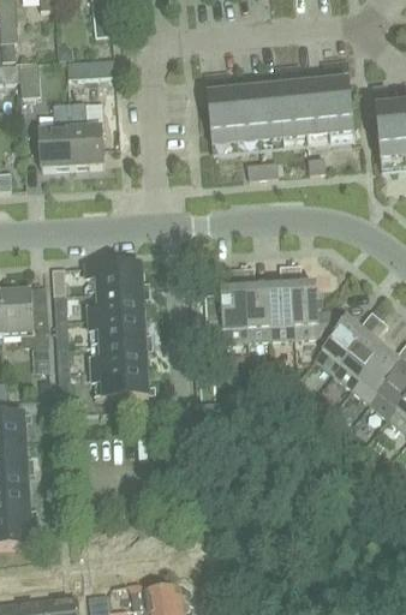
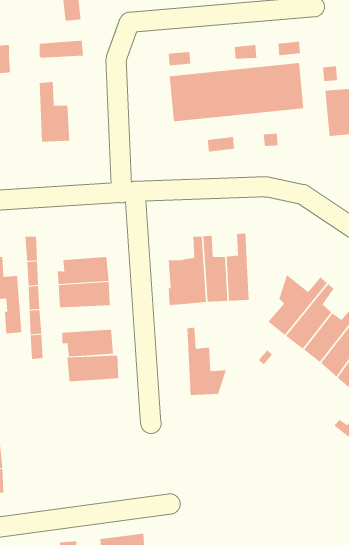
building: [36,100,70,166] -> none
building: [84,259,141,289] -> none
building: [289,259,333,333] -> [186,327,227,395]
building: [89,339,145,368] -> [67,355,119,382]

